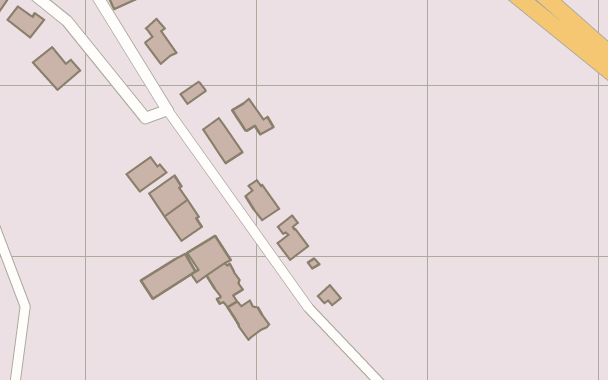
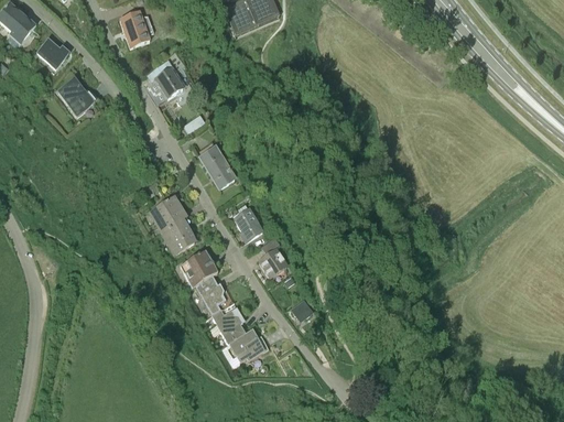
building: [232,99,273,135] -> none
building: [126,157,166,191] -> none
building: [141,254,195,299] -> none
building: none -> [230,329,268,360]

